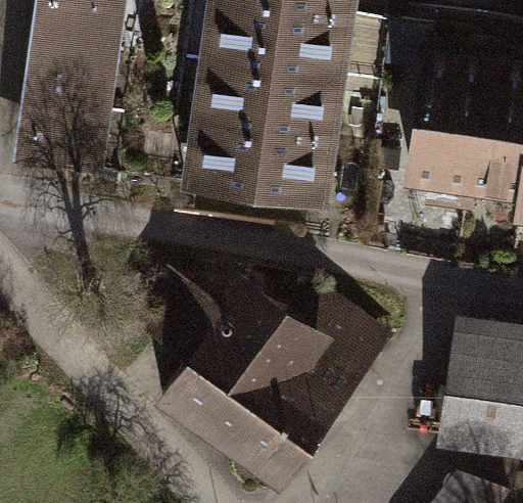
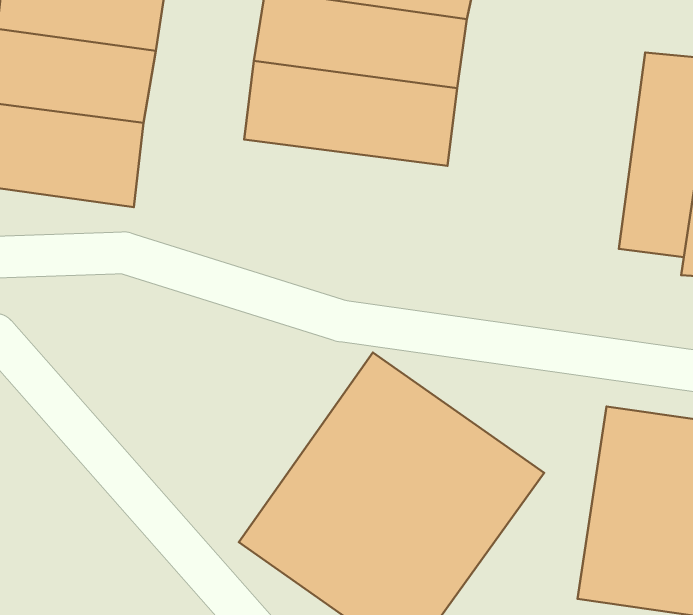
building: [405,47,484,200] -> none
building: [179,120,338,207] -> none

